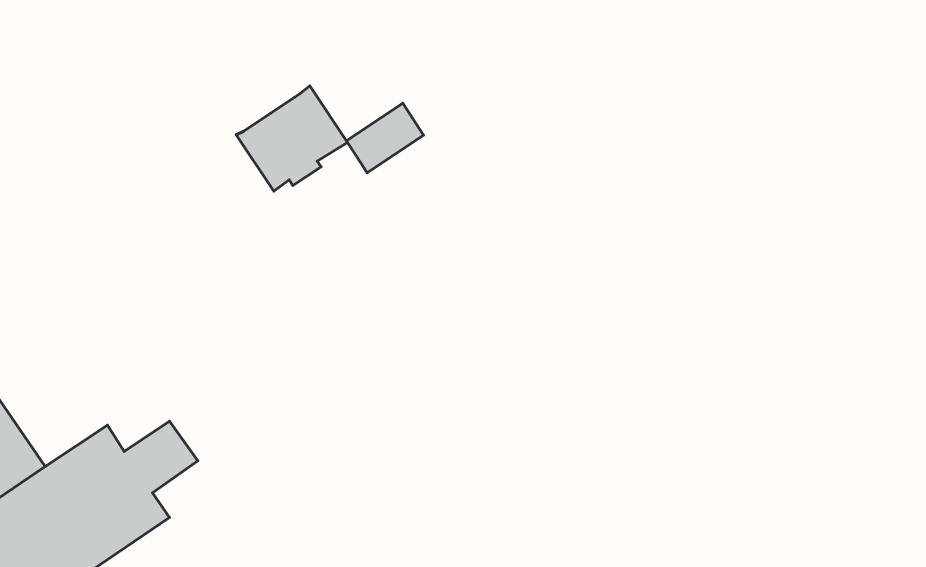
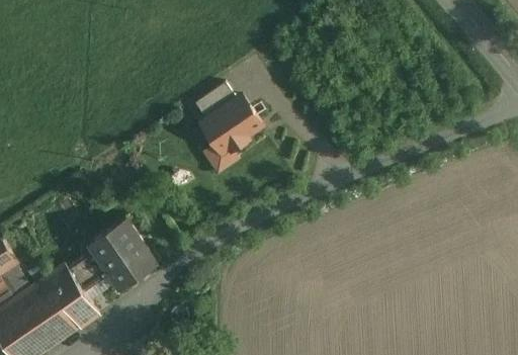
building: [236,86,347,191] -> [199,103,259,160]
building: none -> [91,229,153,293]

